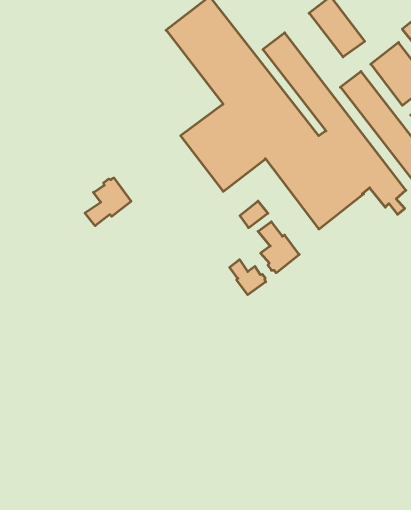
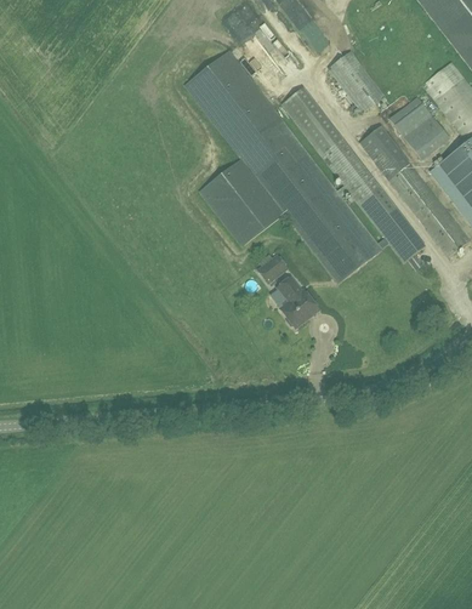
building: [85,178,131,226] -> none
building: [230,260,266,295] -> none

